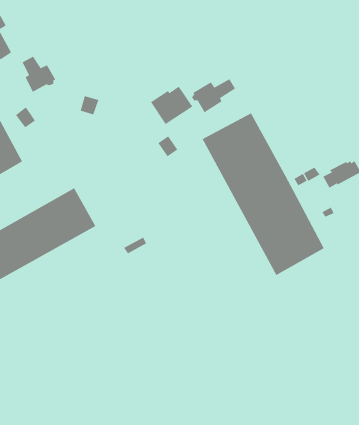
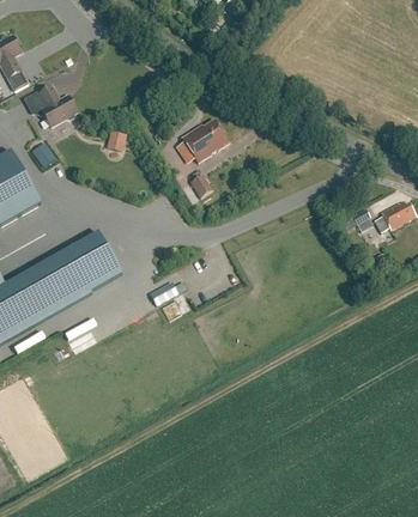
building: [191,78,236,113] -> none
building: [202,112,325,276] -> none

